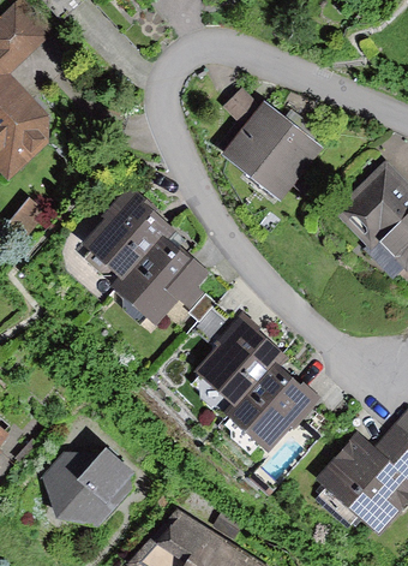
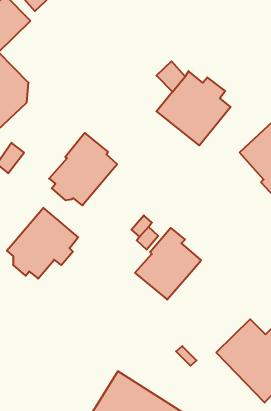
building: [114,232,210,327] -> [7,208,78,279]
building: [227,362,320,452] -> none
building: [42,449,134,528] -> none

